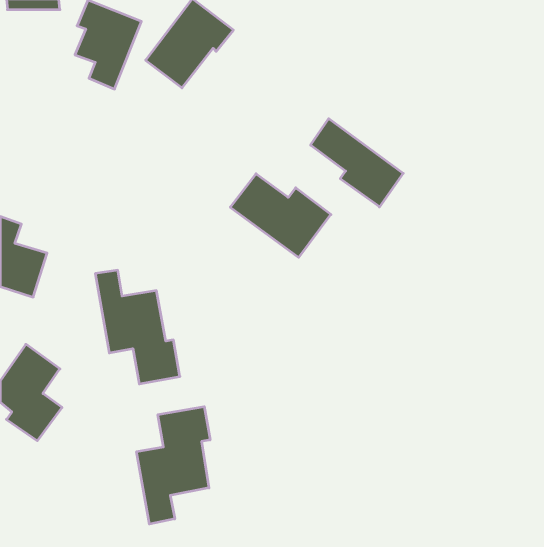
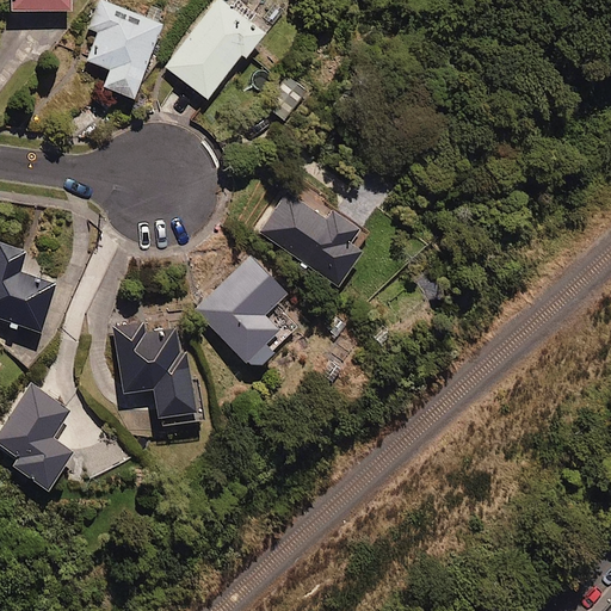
building: [311,119,403,207] -> none
building: none -> [195,255,297,369]
building: [137,407,210,524] -> none

